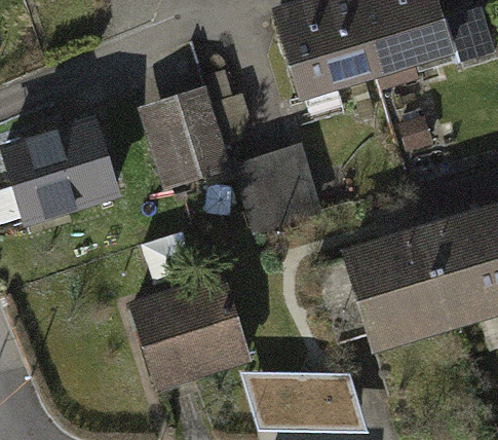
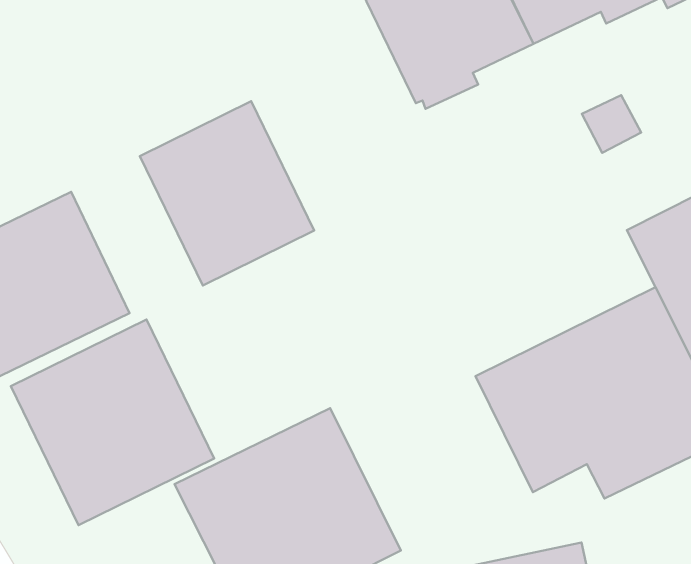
building: [231,145,321,234] -> none
building: none -> [11,320,214,525]

